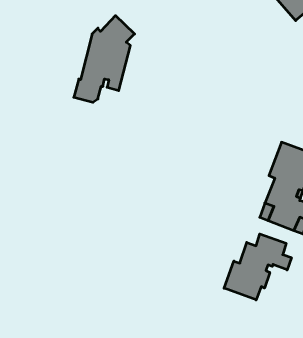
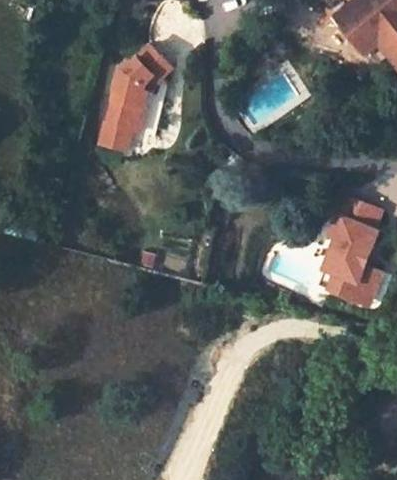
building: [224,234,291,300] -> none

